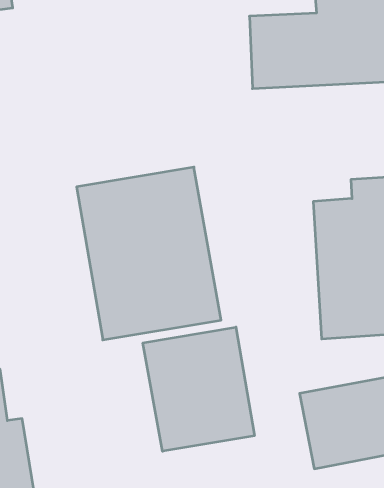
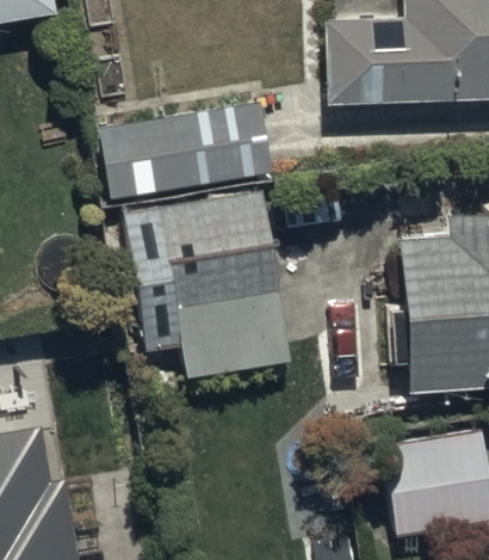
building: none -> [99,100,270,198]
building: [143,327,254,451] -> none

